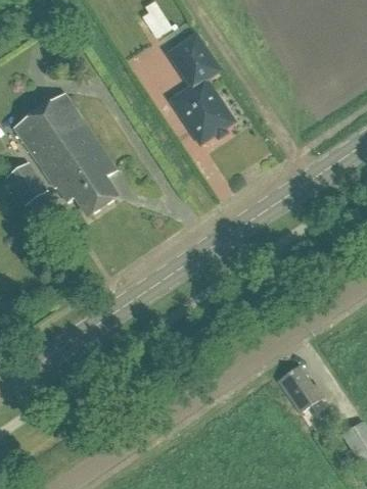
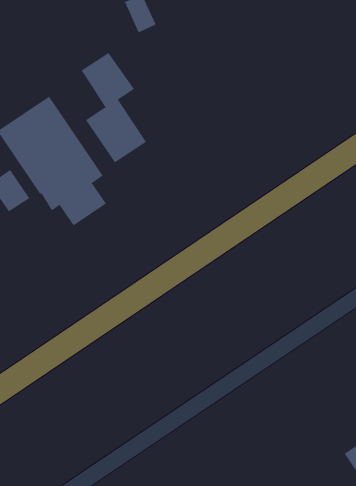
building: [169,35,231,140] -> [81,52,147,163]
building: [278,365,329,418] -> none

